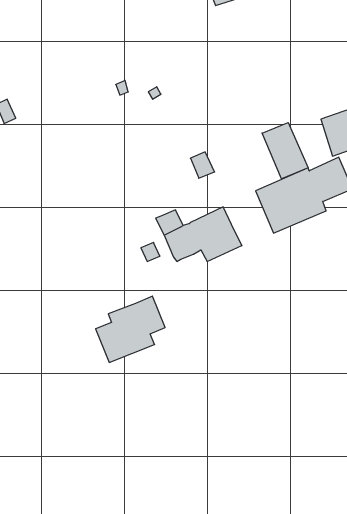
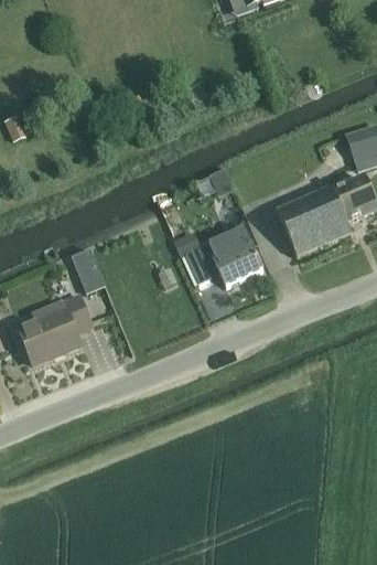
building: [262,123,308,179] -> none
building: none -> [71,247,105,291]
building: [96,296,165,362] -> [19,292,91,362]

